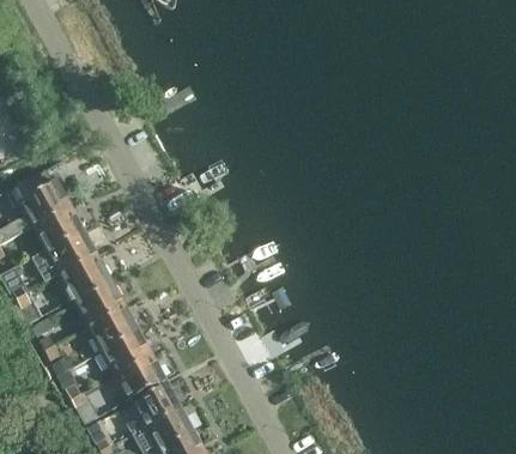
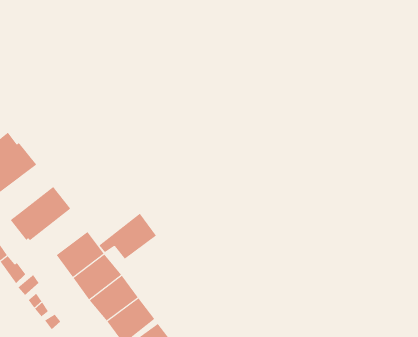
building: [35,210,84,254] -> none
building: [51,259,111,303] -> [99,213,157,259]

